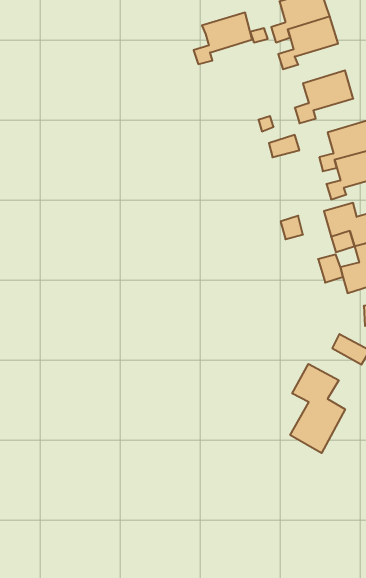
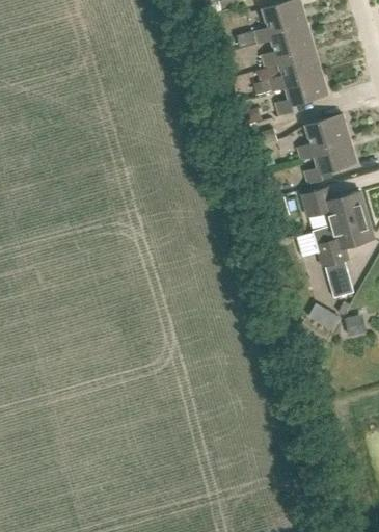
building: [194,13,252,64] -> [269,46,321,91]
building: [290,364,345,453] -> none

